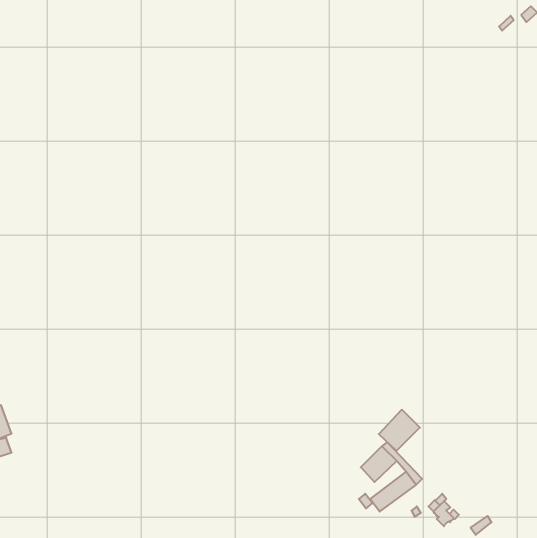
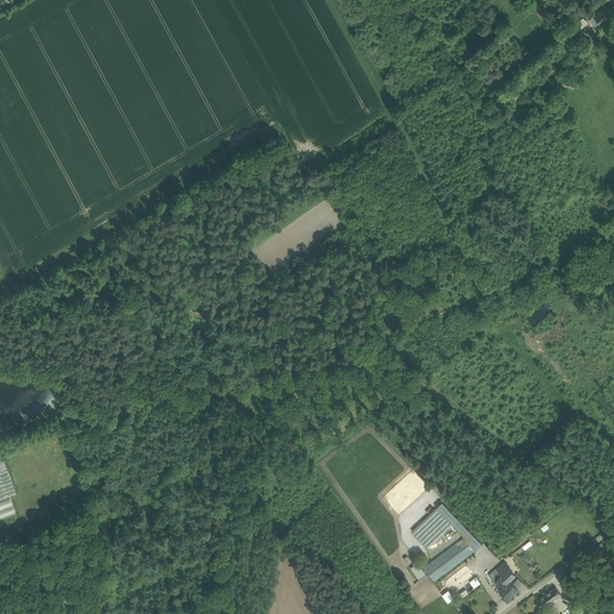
building: [379,410,420,451] -> none

